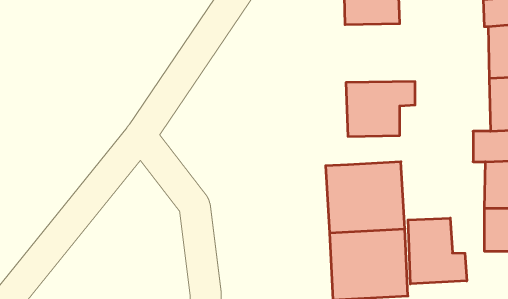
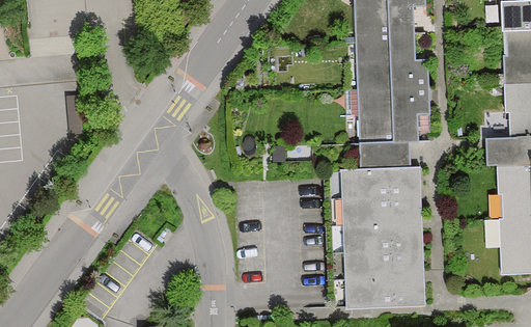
building: none -> [359,29,430,89]
building: none -> [362,143,416,173]
building: [408,218,467,284] -> none

